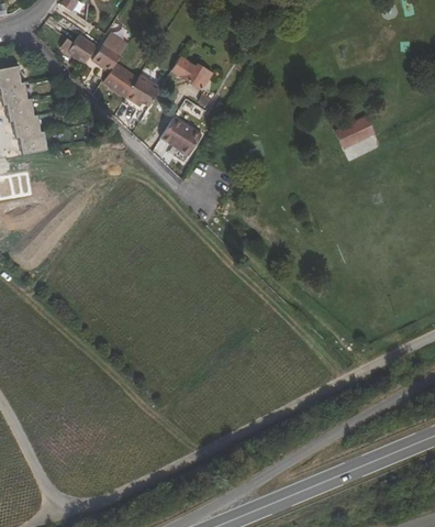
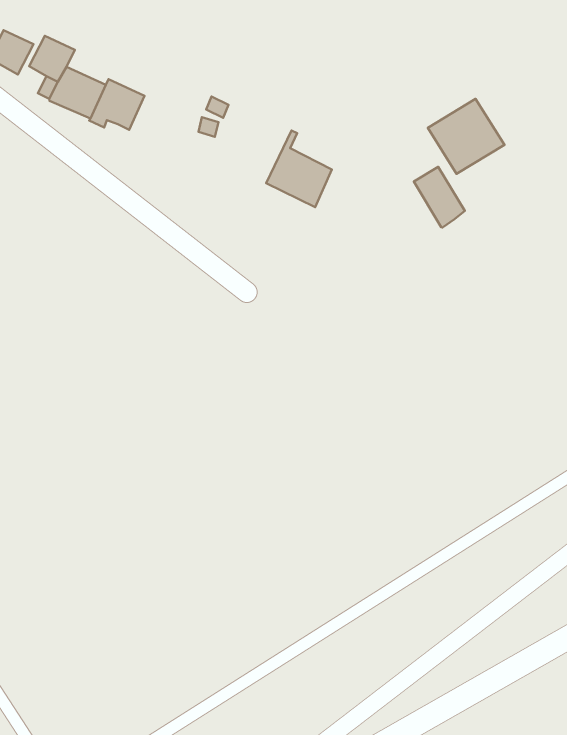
building: [172,56,212,88] -> none
building: [160,106,202,155] -> [266,130,332,207]
building: none -> [414,167,465,228]

